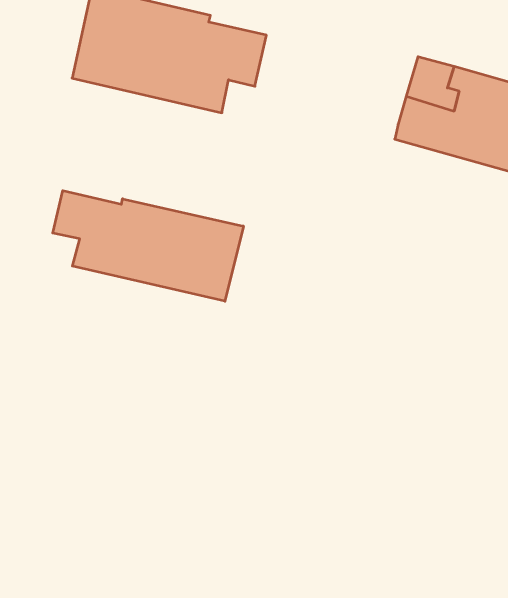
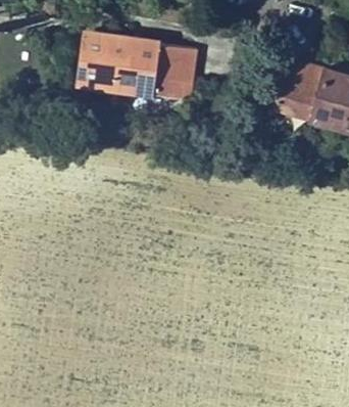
building: [53,191,243,301] -> none

